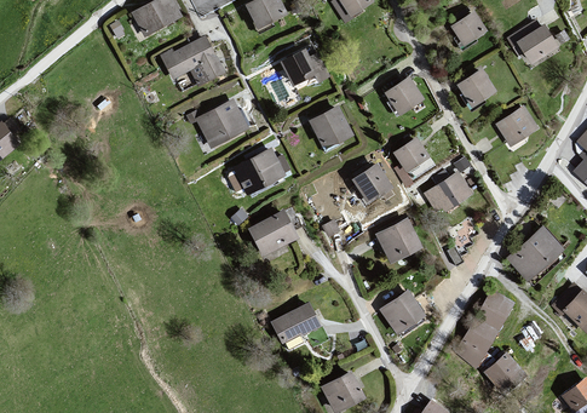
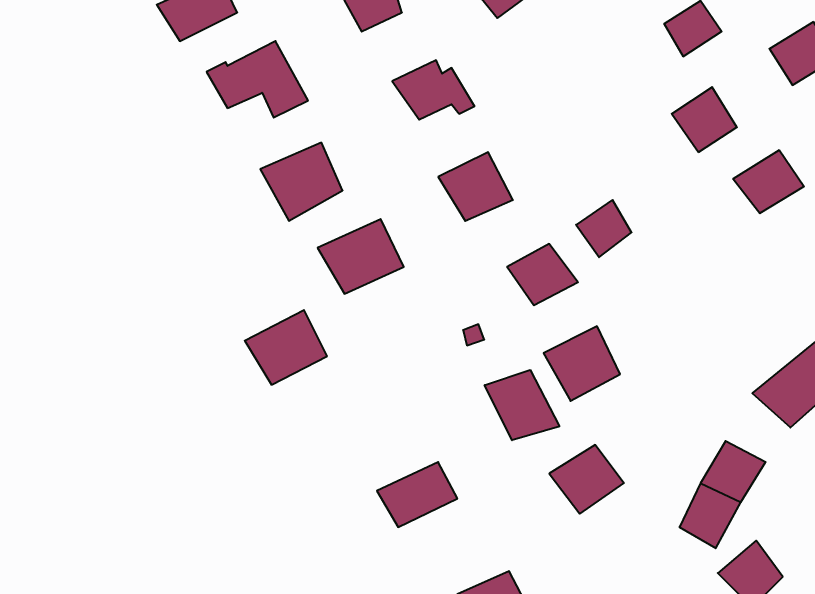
building: [384,75,425,115] -> none
building: [428,170,473,213] -> none
building: [248,210,300,257] -> [245,310,327,385]
building: none -> [485,370,559,440]

